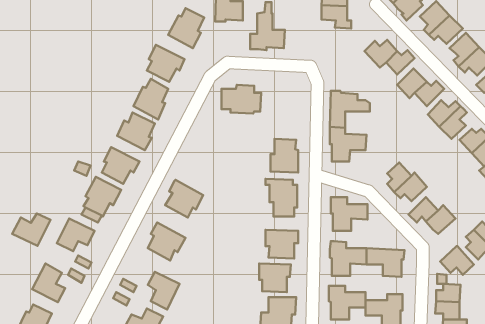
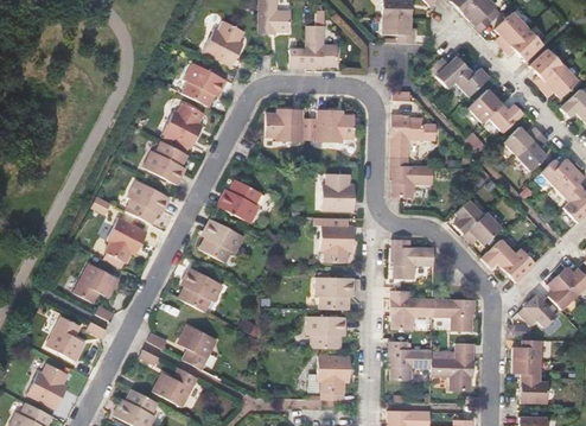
building: none -> [310,109,355,142]
building: none -> [218,179,261,222]
building: [12,213,50,246] -> none

